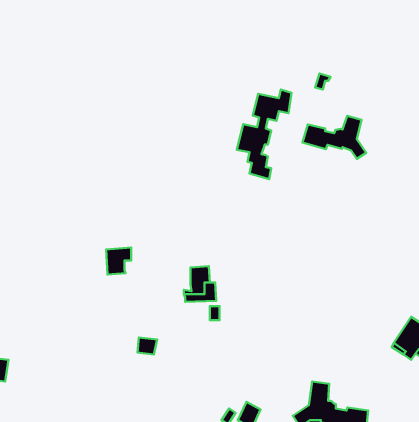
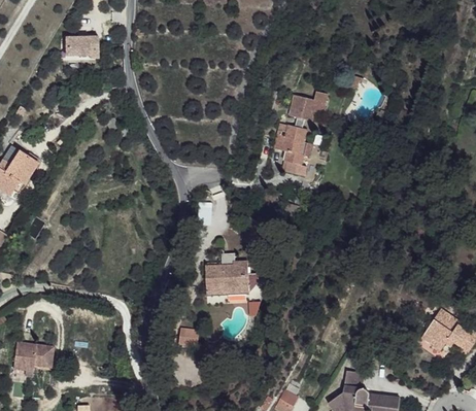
building: none -> [62,31,98,60]
building: [302,116,366,159] -> none
building: [106,247,131,274] -> [206,266,230,292]

